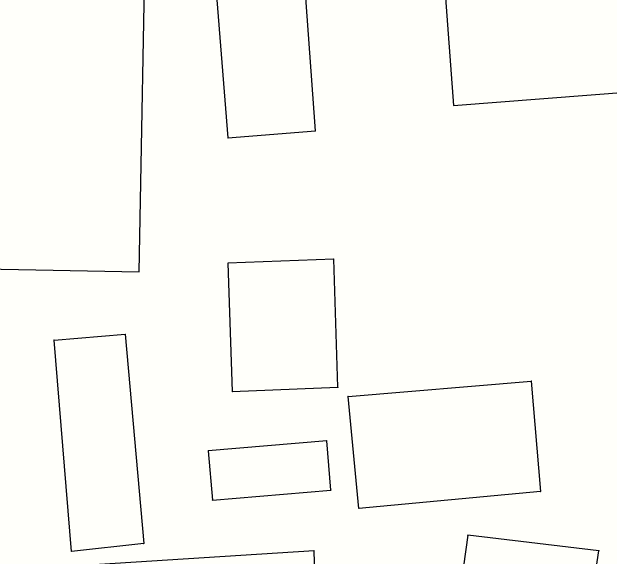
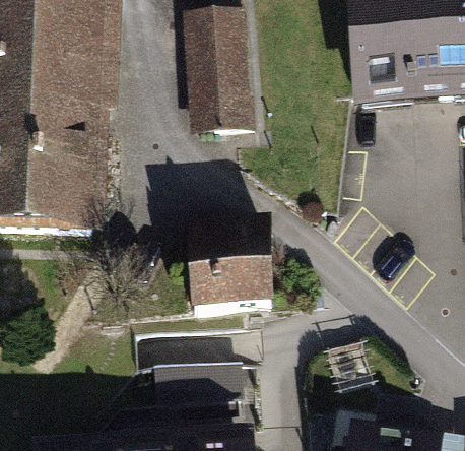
building: [54,334,144,551] -> none
building: [348,381,540,508] -> none

